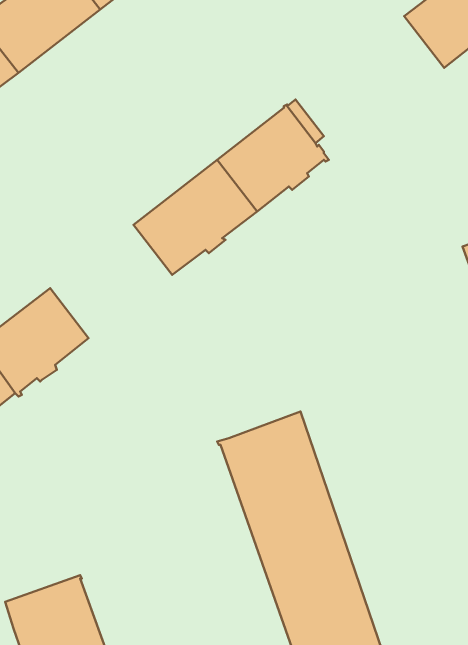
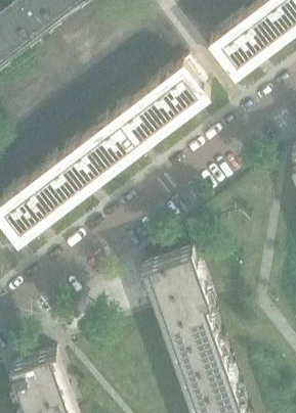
building: none -> [209,12,279,79]
building: none -> [37,140,112,210]

